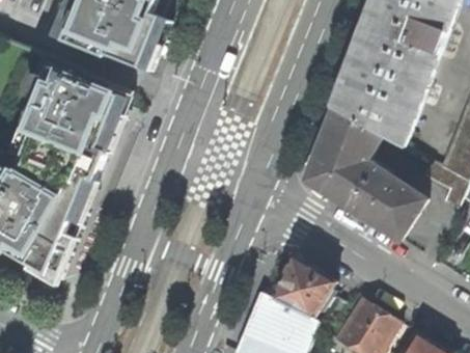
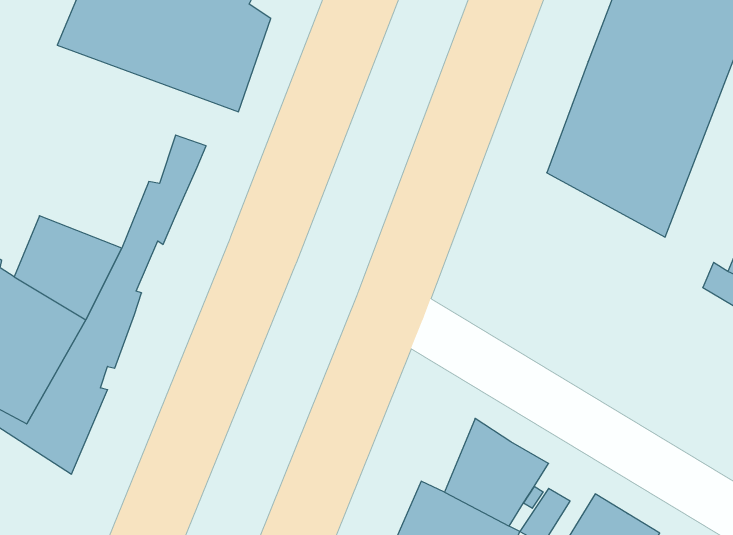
building: [25,67,118,156] -> none
building: [306,113,424,241] -> none

